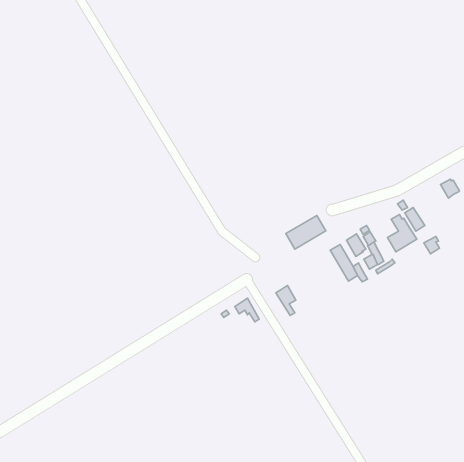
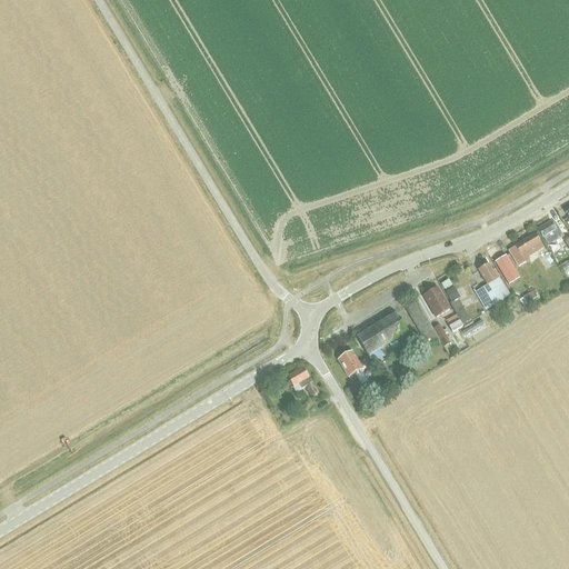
building: none -> [508,232,541,263]
building: [286,215,326,249] -> [356,311,405,352]

